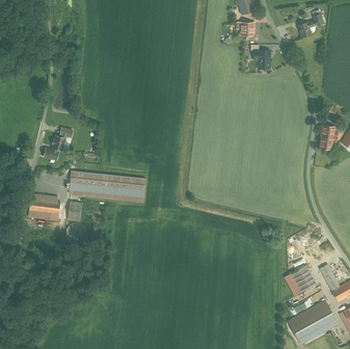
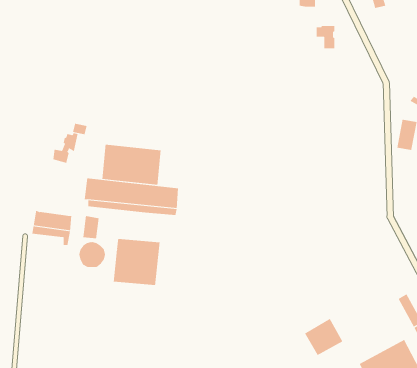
building: none -> [102,144,161,185]
building: none -> [113,238,160,286]
building: [284,264,315,294] -> [304,318,343,356]

